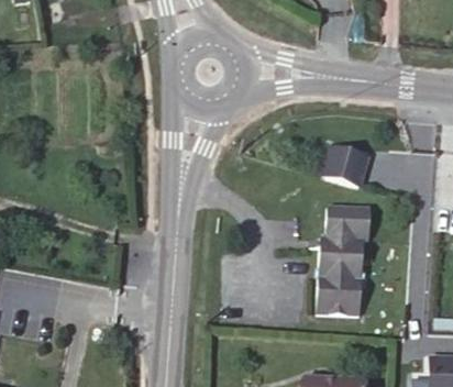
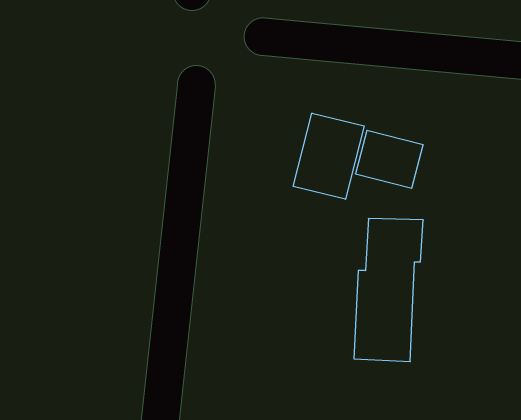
building: none -> [293,113,364,199]

